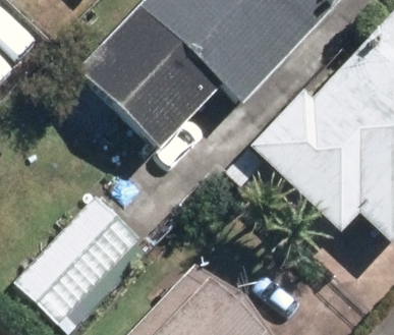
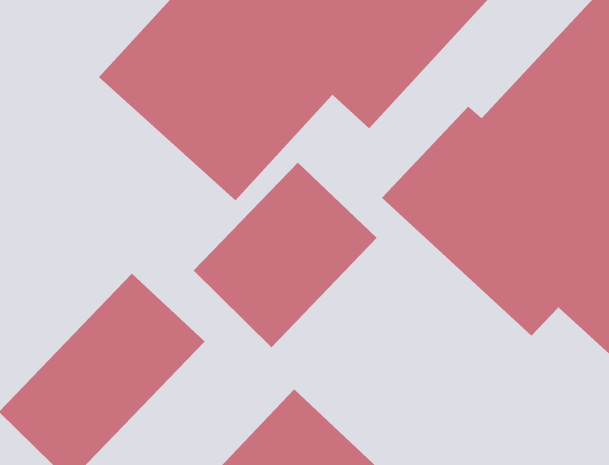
building: none -> [193,162,378,348]

